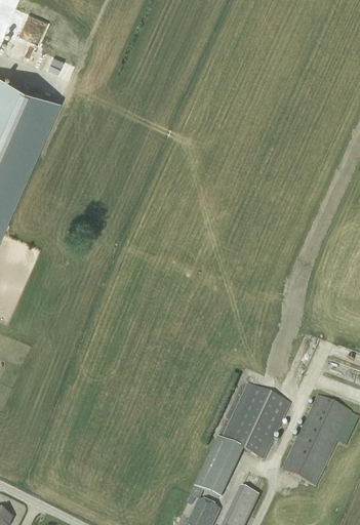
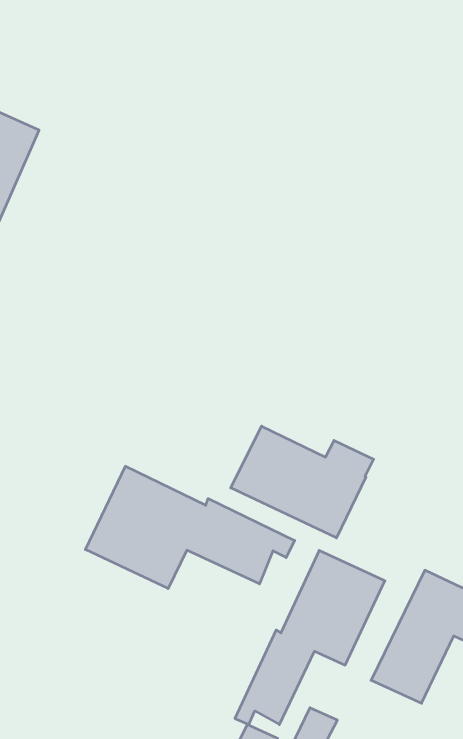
building: none -> [231,426,374,538]
building: none -> [85,466,295,589]

